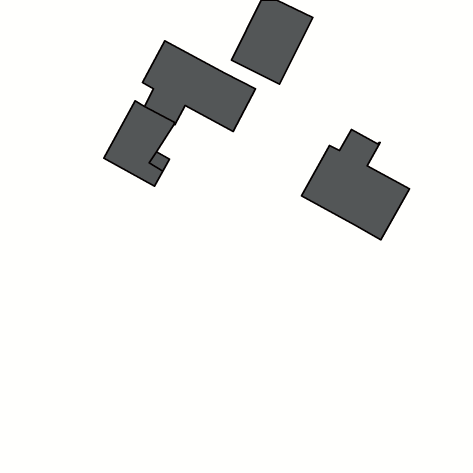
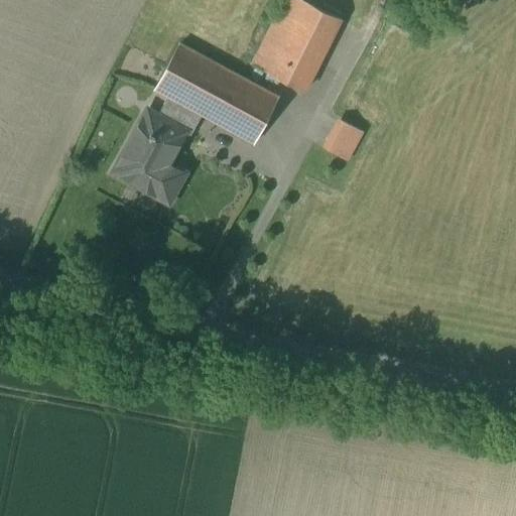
building: none -> [324,120,362,159]
building: [302,129,410,240] -> none

